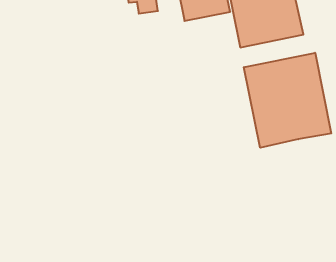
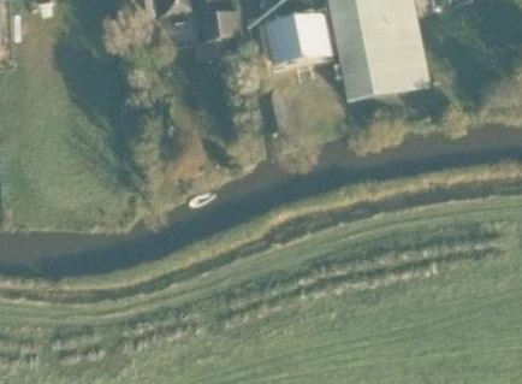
building: [244,53,331,148] -> none

